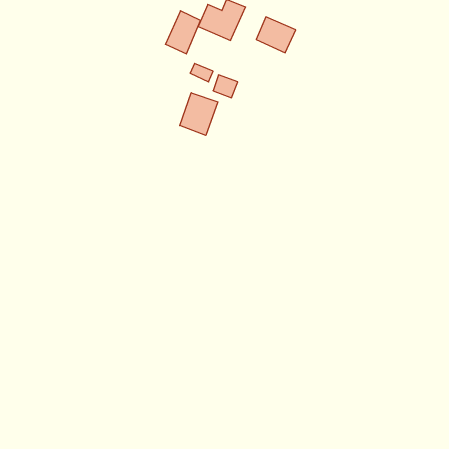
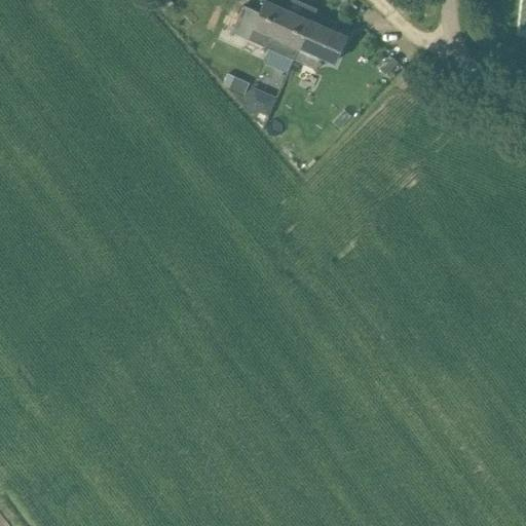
building: [165,11,201,54] -> [270,9,311,60]
building: [180,93,218,135] -> none

